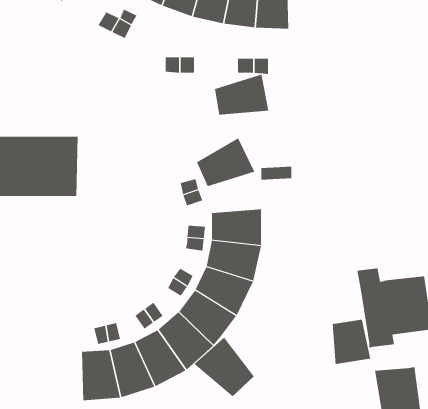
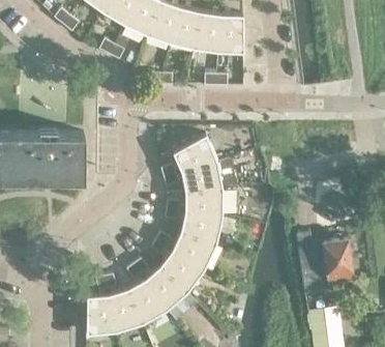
building: [214,74,269,115] -> [181,162,223,193]
building: [332,319,371,365] -> none
building: [194,337,255,397] -> none

